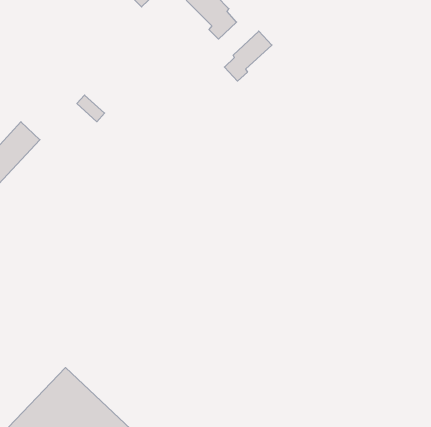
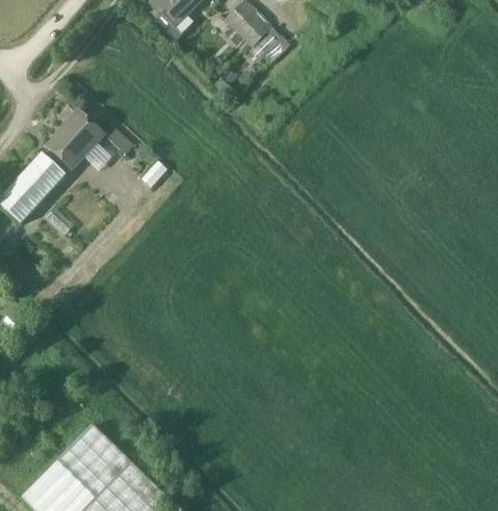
building: [224,31,272,81] -> none
building: none -> [47,112,111,165]

